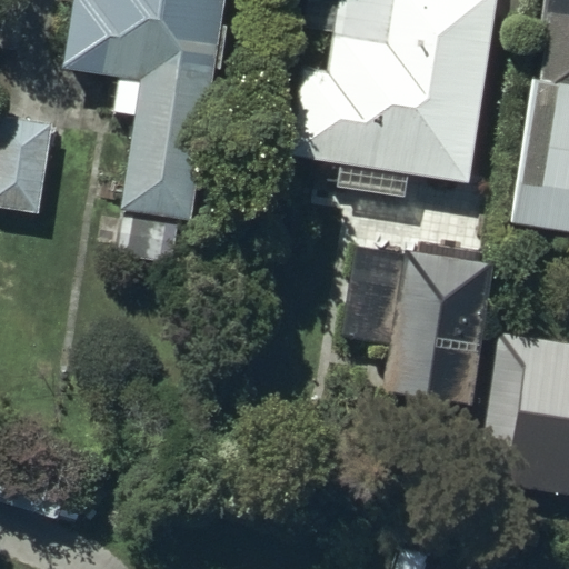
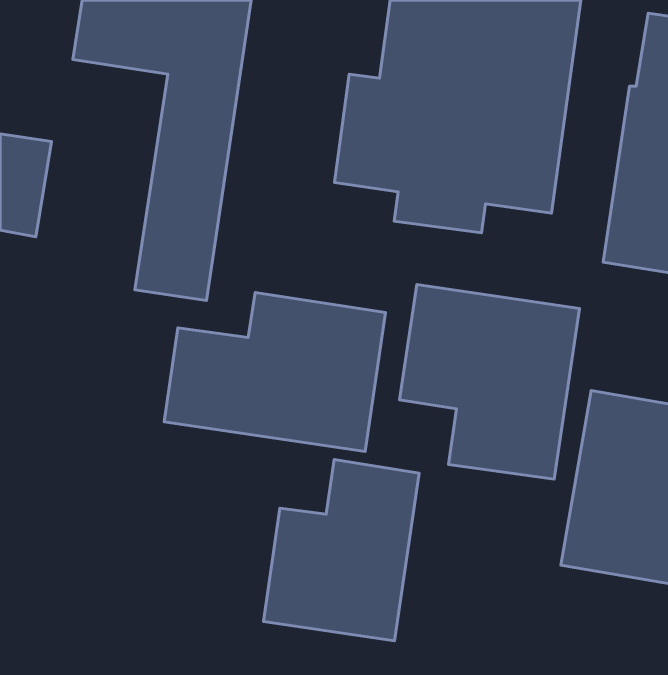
building: none -> [164,292,386,452]
building: none -> [264,460,419,641]

